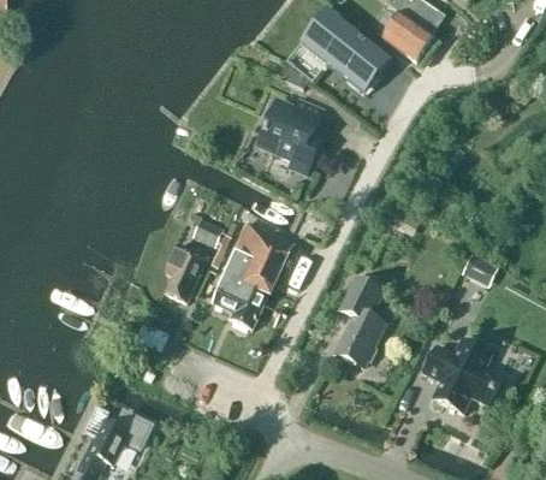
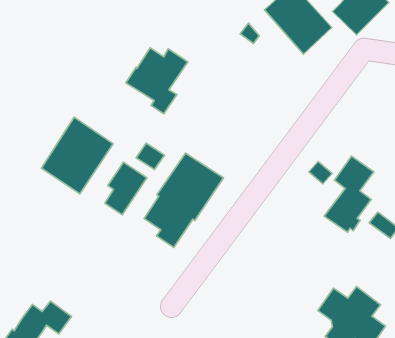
building: [257,97,322,171] -> [126,48,188,114]
building: none -> [41,117,113,194]
building: [336,277,385,362] -> [324,156,374,232]

